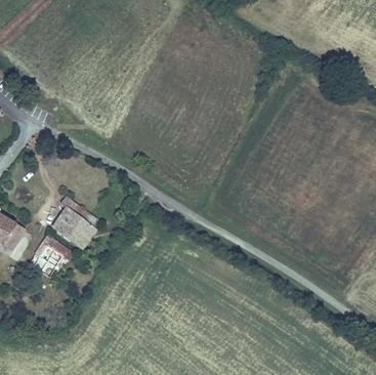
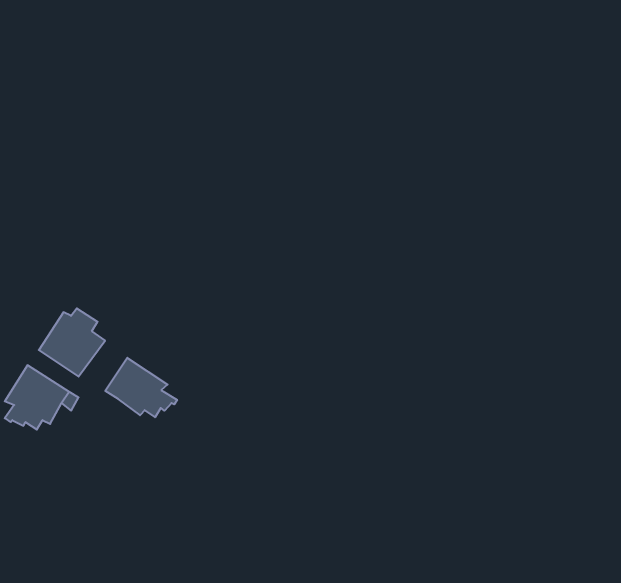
building: none -> [105,358,177,417]

